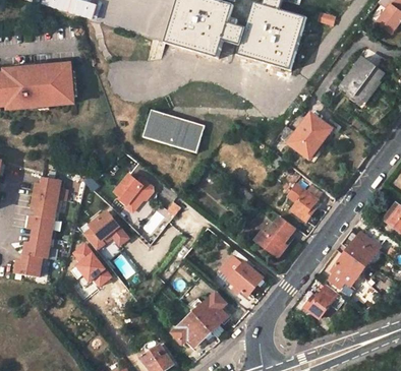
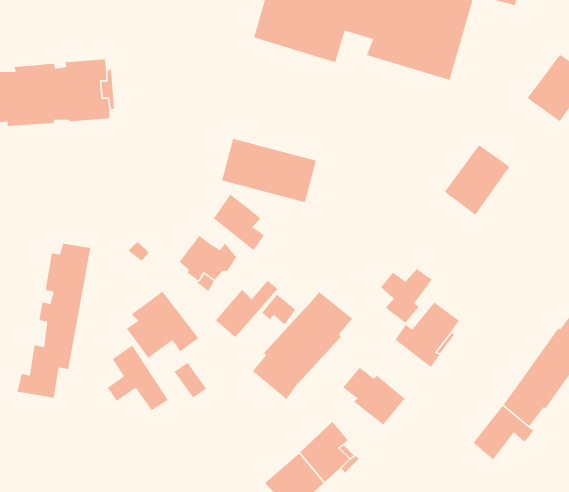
building: none -> [213,194,265,251]
building: [288,184,322,220] -> [380,268,433,324]
building: none -> [252,291,353,400]

